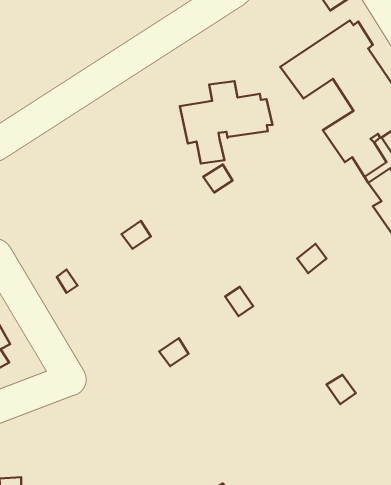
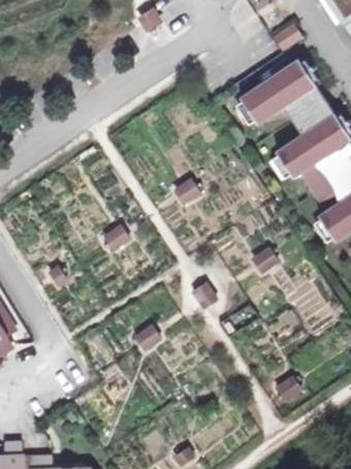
building: [180,81,272,164] -> none

